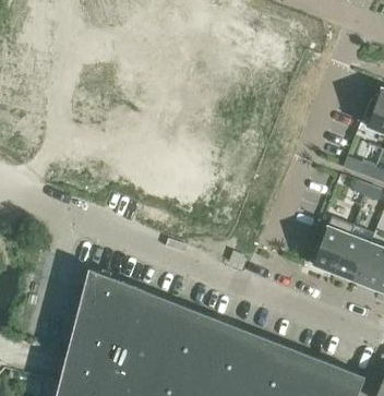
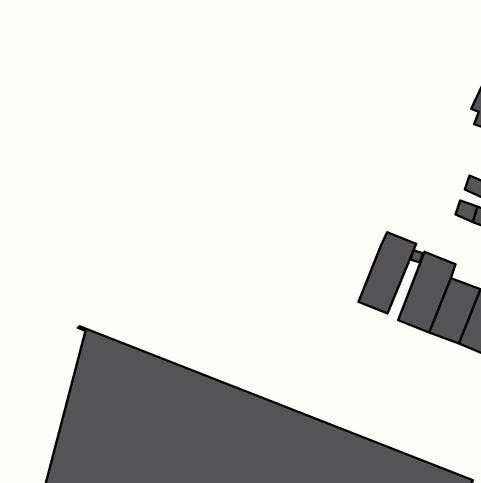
building: none -> [359,232,416,313]

